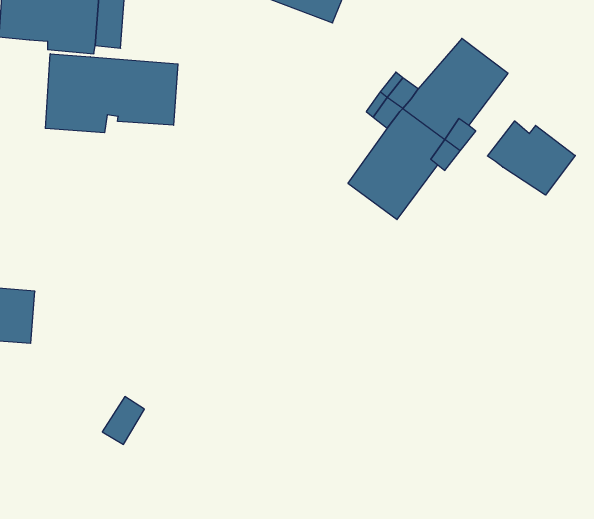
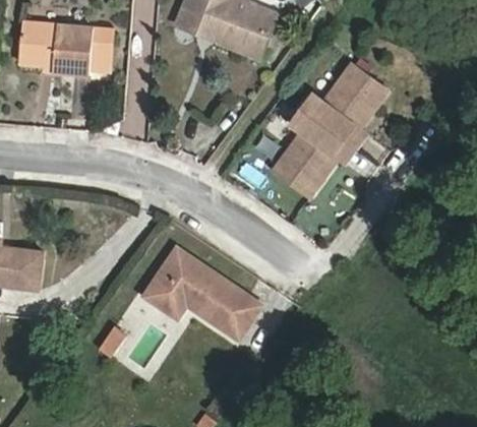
building: [45,54,178,133] -> none
building: [487,121,575,195] -> none
building: none -> [140,246,258,340]

